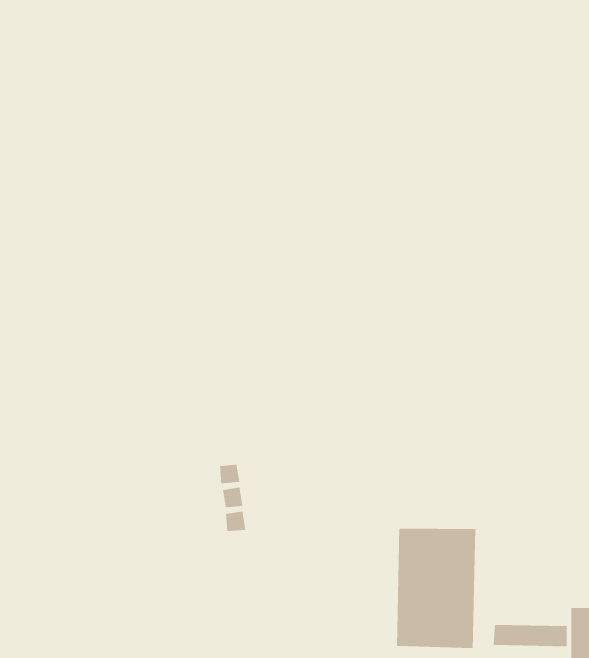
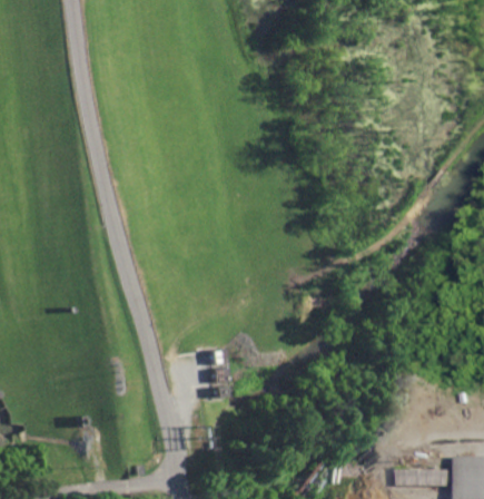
building: [397,528,476,649] -> none

